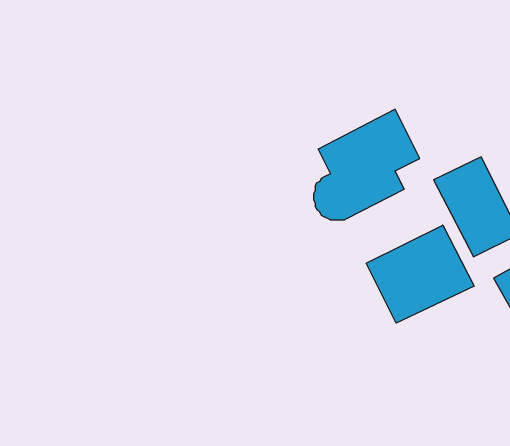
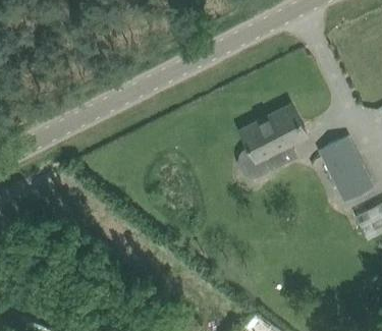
building: [366,225,474,323] -> none

